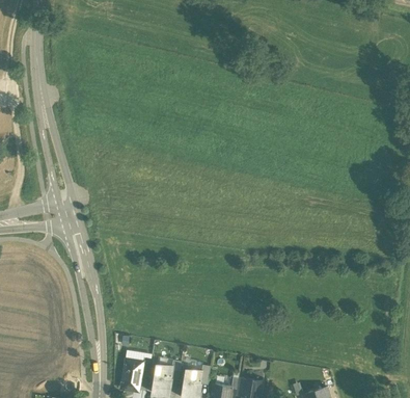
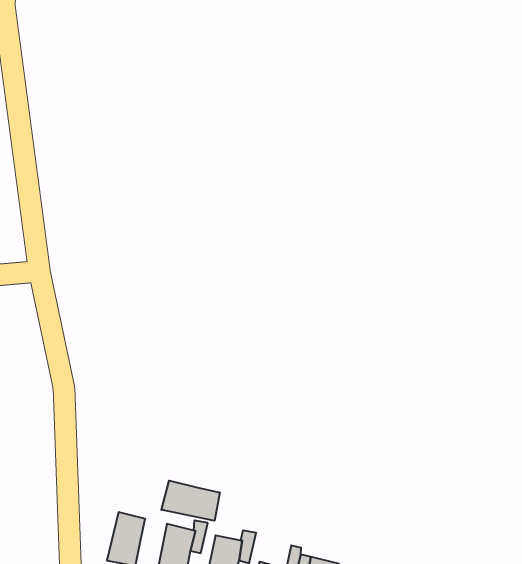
building: none -> [161,481,220,521]

